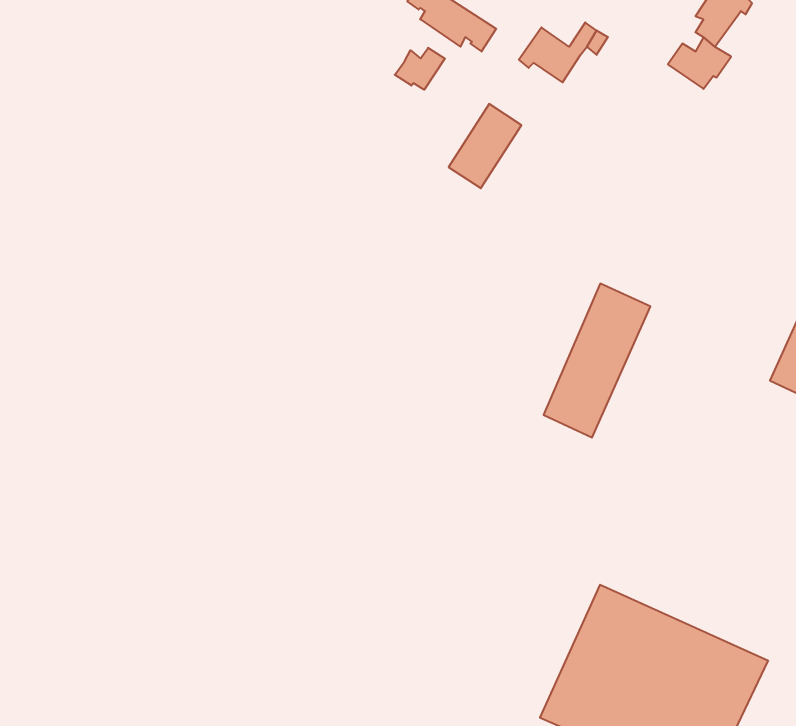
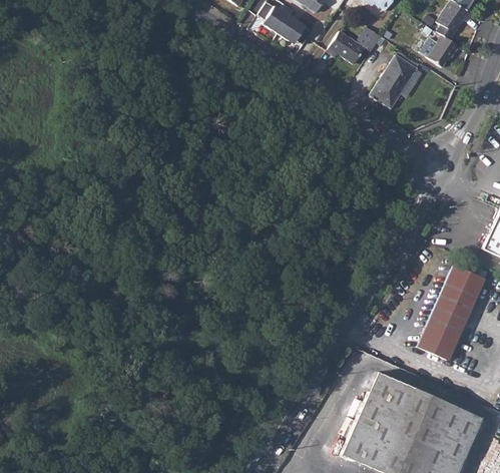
building: [395,48,445,90] -> none
building: [449,104,521,188] -> [372,55,417,107]
building: [544,284,650,438] -> [418,265,484,360]

